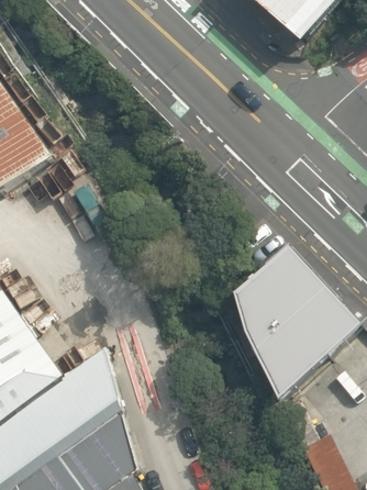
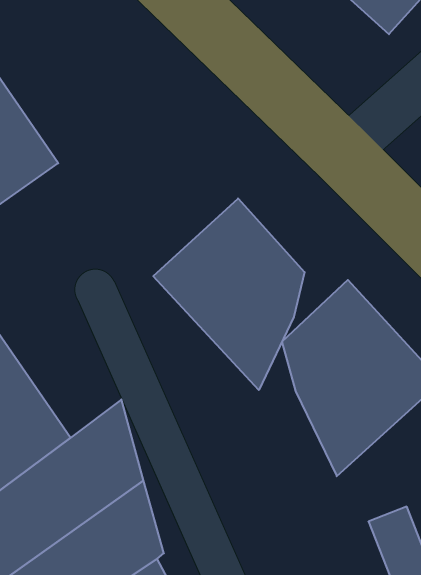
building: none -> [153,198,305,390]

